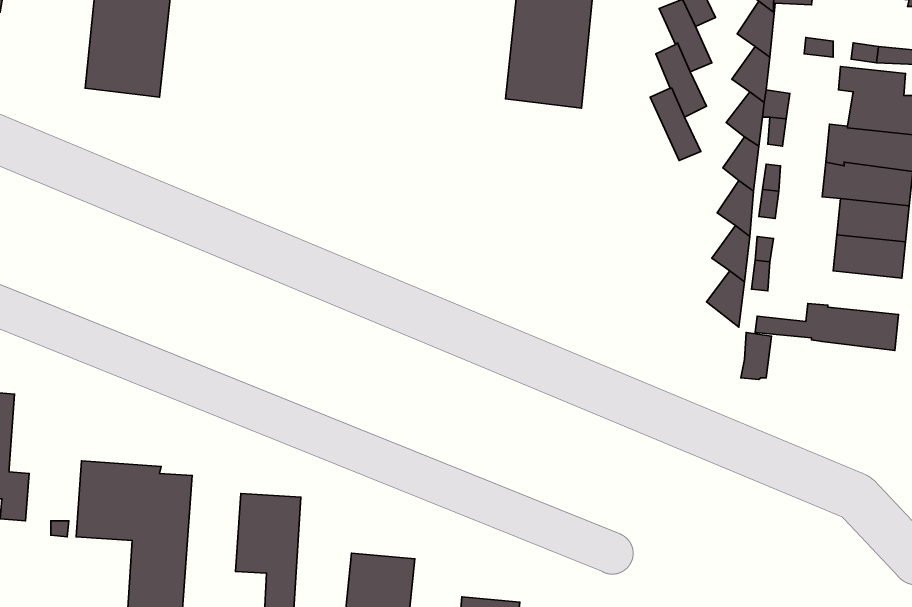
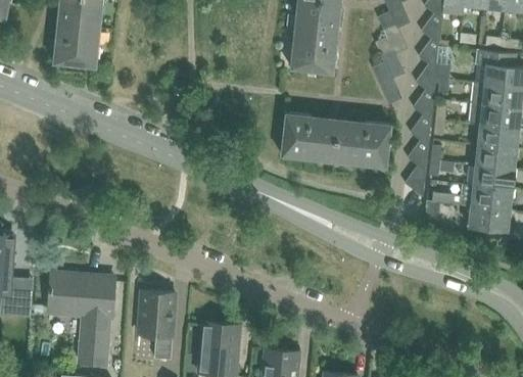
building: none -> [282,113,391,167]
building: none -> [473,166,515,190]
building: none -> [468,205,511,237]

